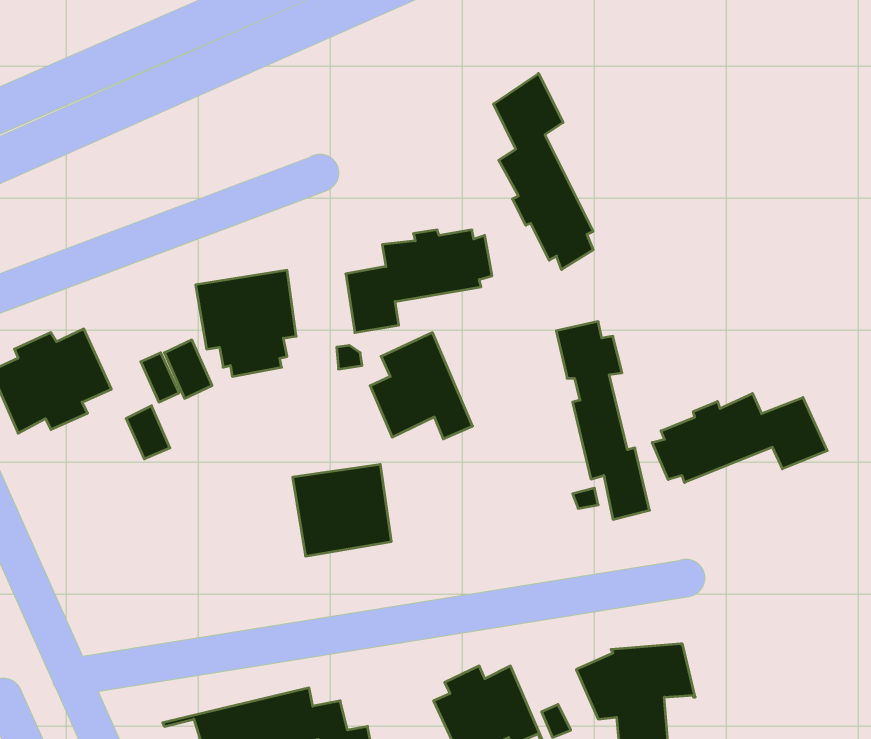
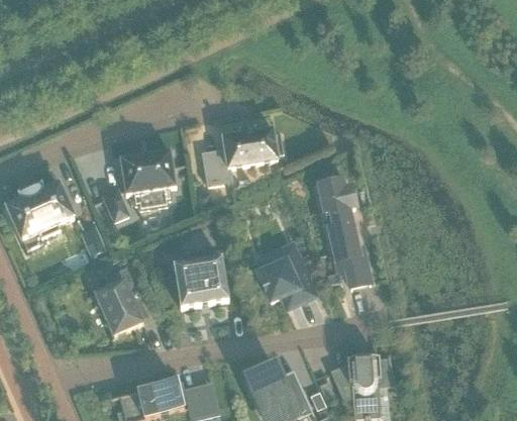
building: [494,73,593,270] -> none
building: [370,333,473,439] -> [257,242,314,301]
building: [652,393,827,483] -> none
building: none -> [95,265,141,333]

